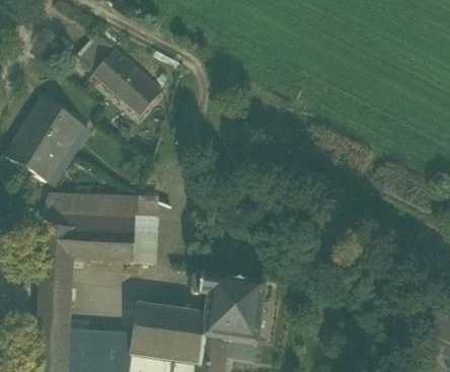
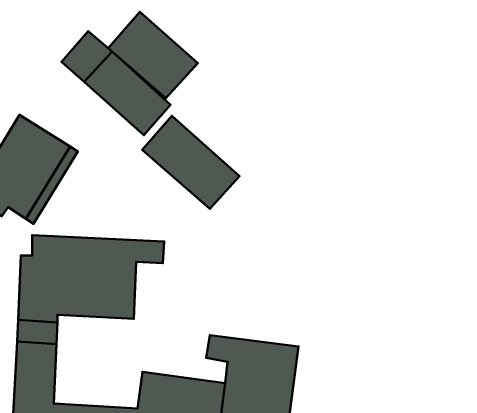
building: none -> [108,12,198,98]
building: none -> [142,116,240,209]
building: [134,217,157,263] -> none

